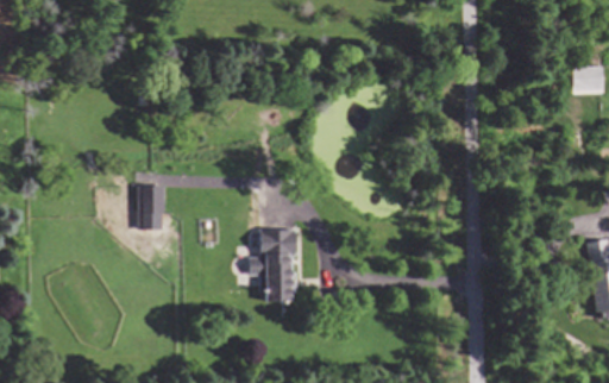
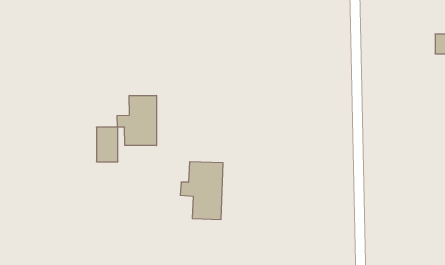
building: none -> [117,95,156,146]

